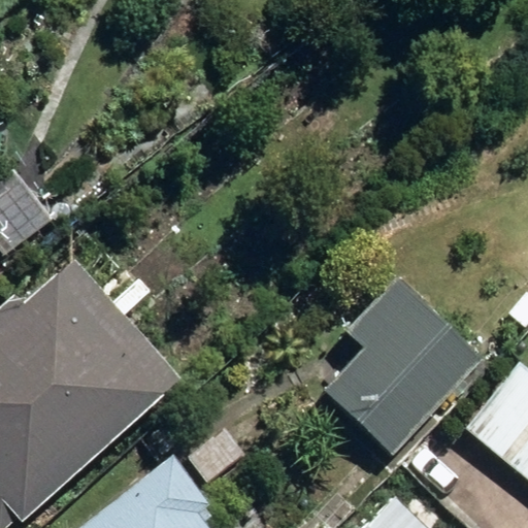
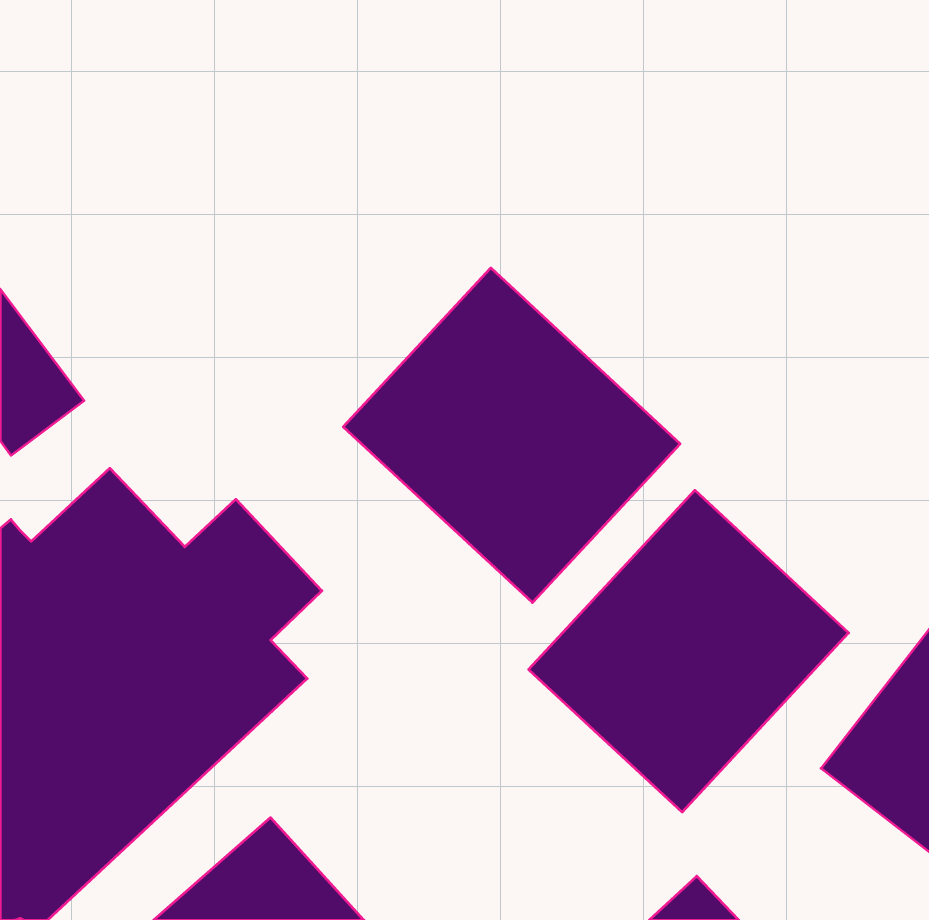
building: none -> [343,268,680,603]

